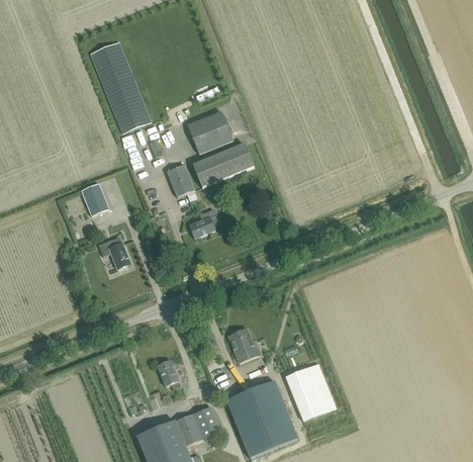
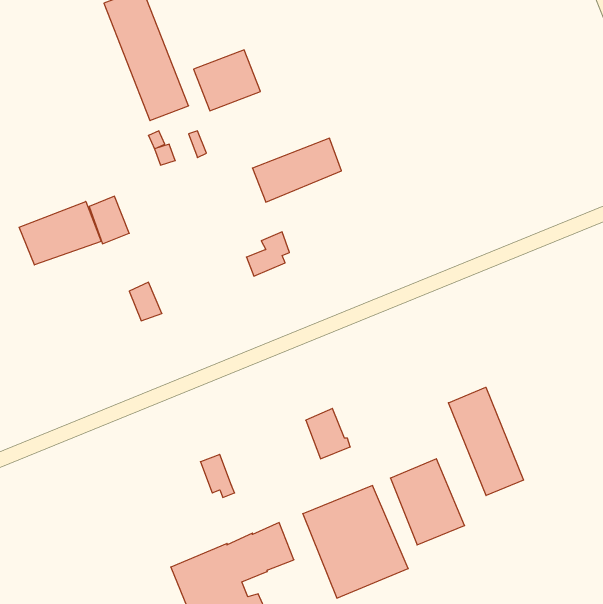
building: [187,111,232,153] -> [194,50,260,111]
building: [166,164,194,196] -> none
building: none -> [19,201,101,265]
building: none -> [448,387,524,496]

